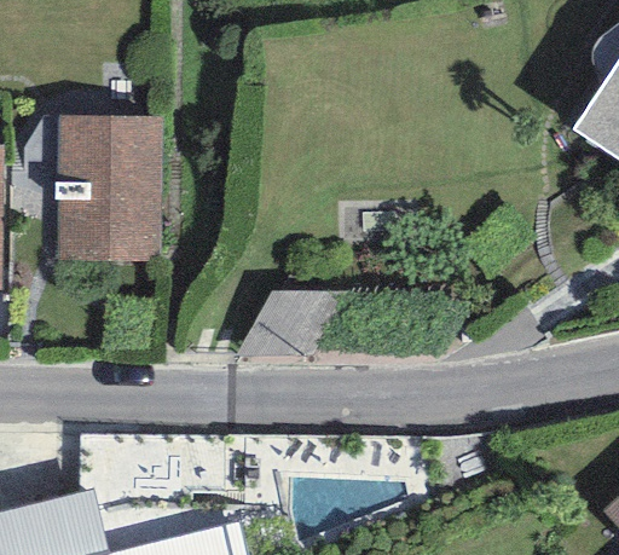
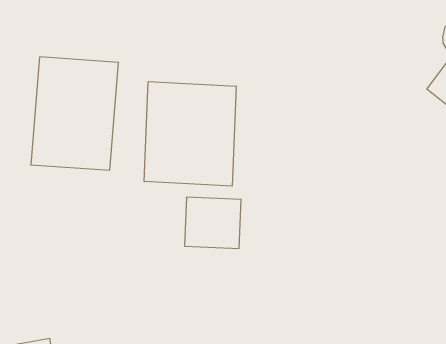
building: none -> [144,82,236,186]

